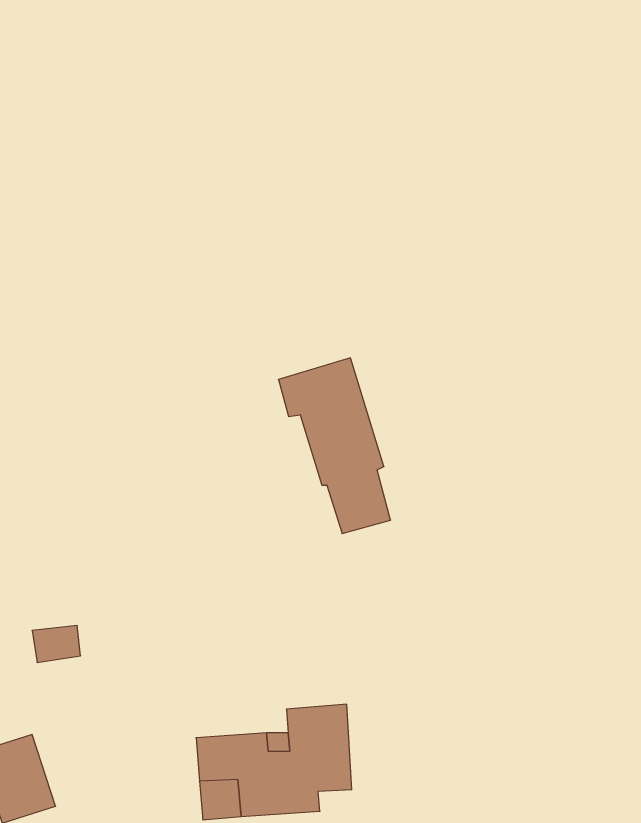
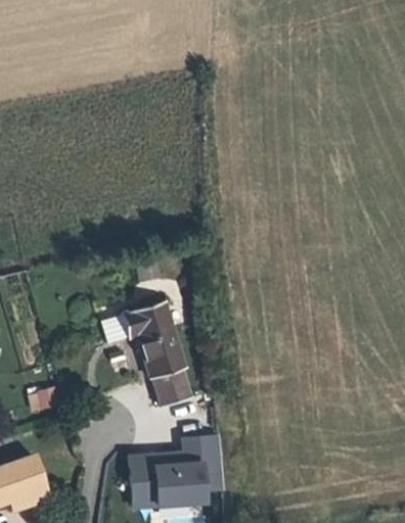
building: [278,358,391,534] -> [122,303,190,411]

